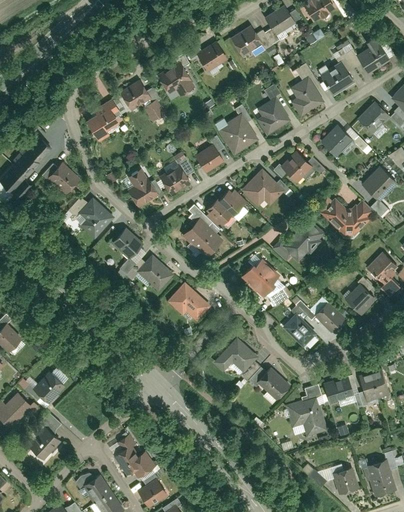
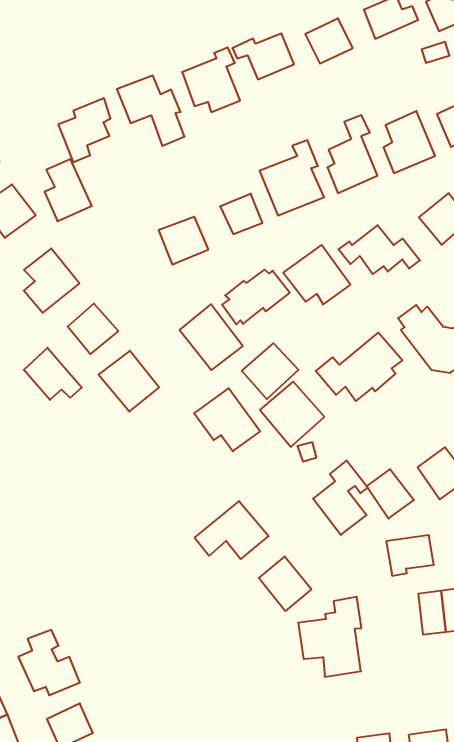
building: [126,168,158,208] -> [44,159,92,221]
building: none -> [242,343,299,399]
building: none -> [24,348,82,400]
building: [166,282,209,321] -> [194,388,260,451]
building: [322,377,354,406] -> [386,535,434,576]

